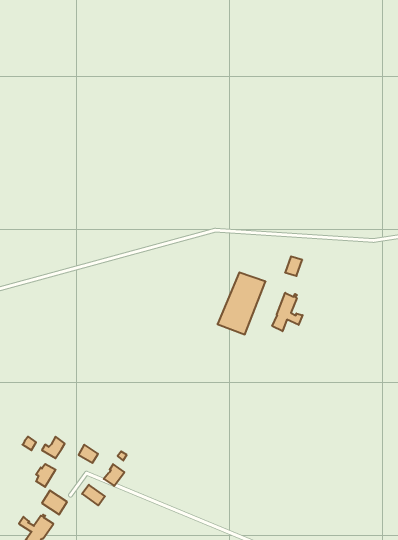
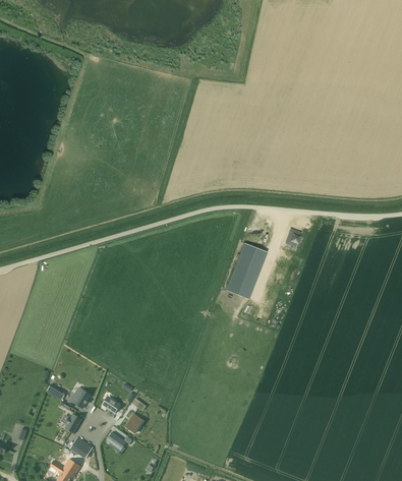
building: [272,293,303,331] -> none

